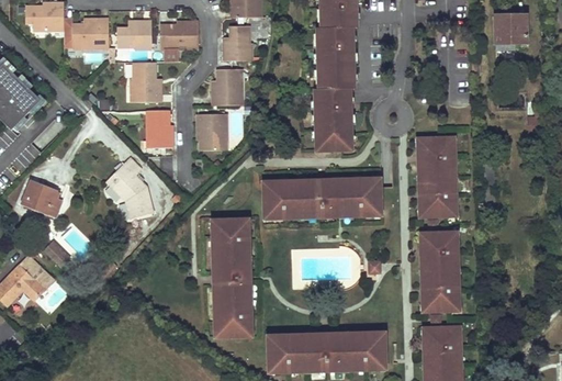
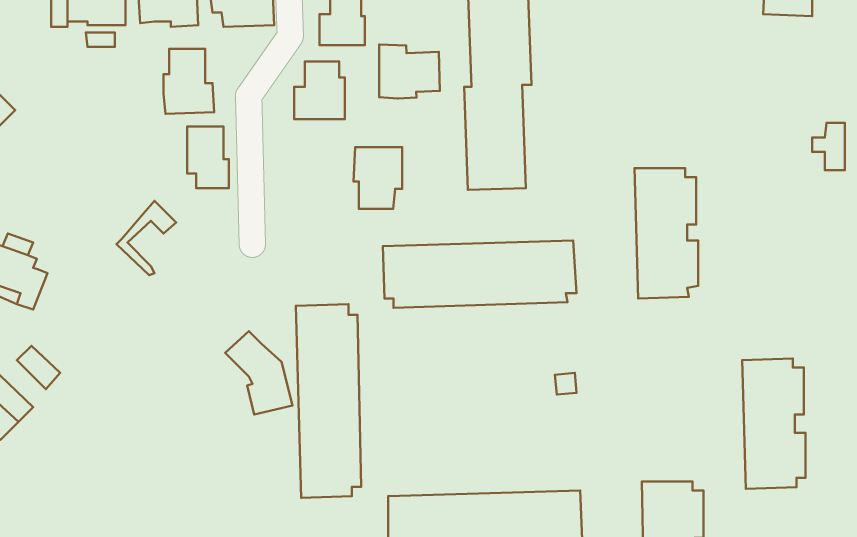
building: none -> [379,45,440,98]
building: [195,113,225,150] -> [353,147,402,209]
building: [110,167,150,217] -> [225,331,292,414]
building: [419,229,458,309] -> [742,358,806,489]

